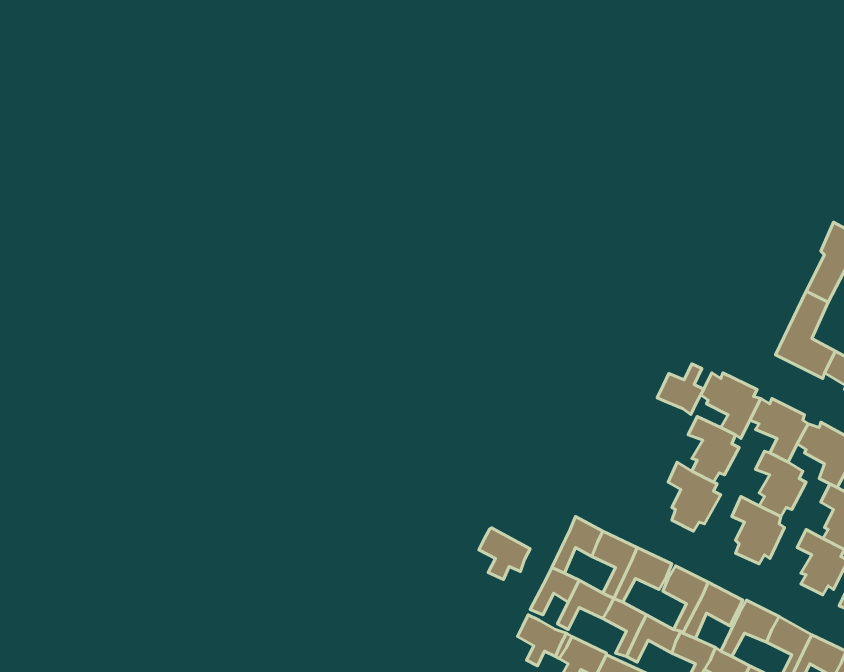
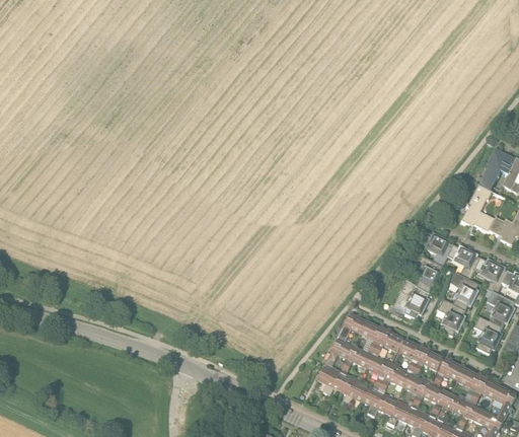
building: [657,364,704,414] -> none
building: [479,528,530,580] -> none

